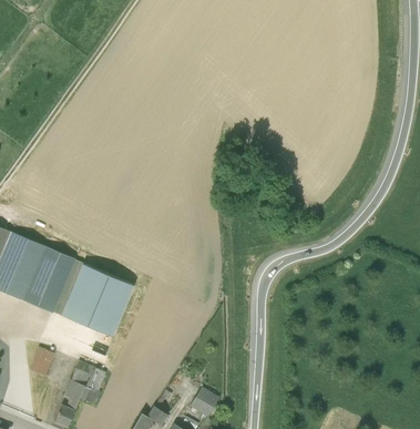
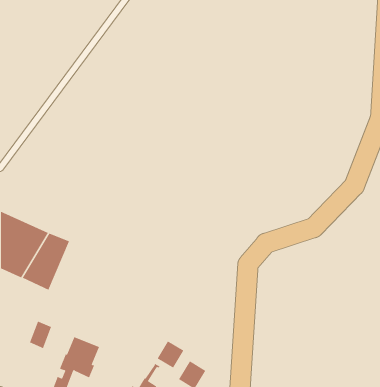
building: [61,263,134,336] -> none
building: none -> [157,341,184,368]

